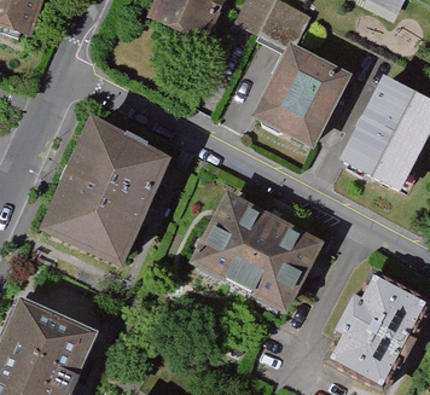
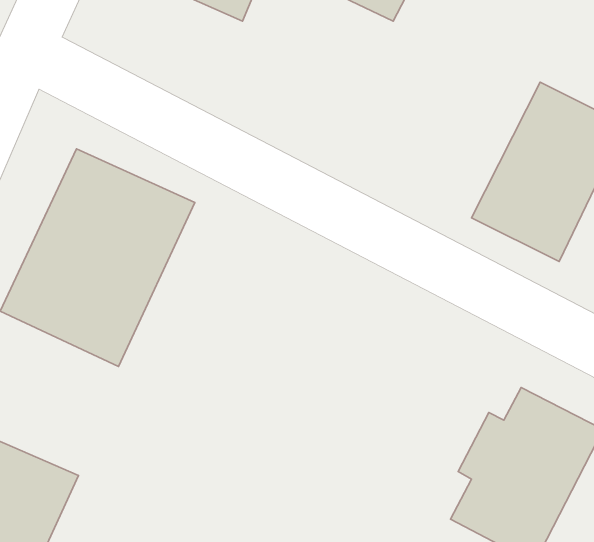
building: [244,48,343,152] -> none
building: [196,194,318,307] -> none

